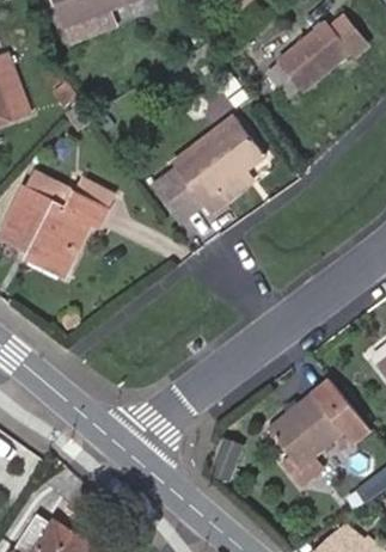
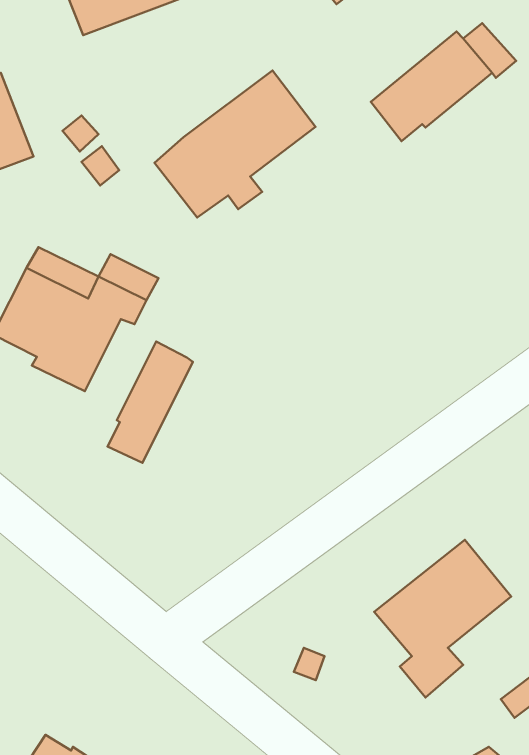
building: [151,117,263,220] -> [154,70,315,218]
building: none -> [107,341,193,463]

